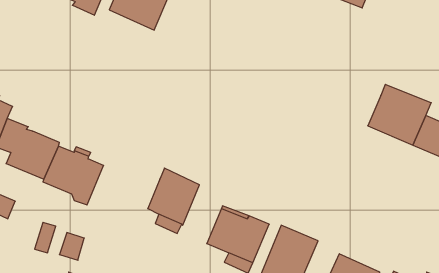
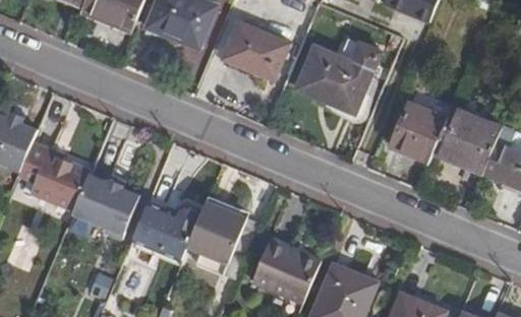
building: none -> [225,23,289,79]
building: none -> [295,36,379,110]
building: none -> [389,104,446,162]
building: none -> [132,202,201,260]

